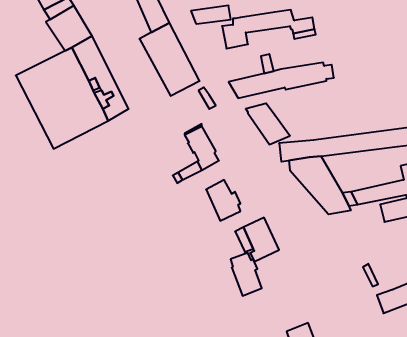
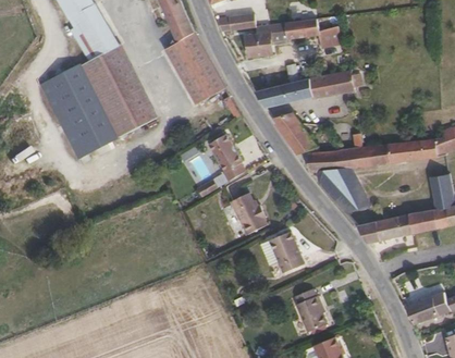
building: none -> [356,215,413,243]
building: [231,253,262,296] -> [296,286,328,330]

